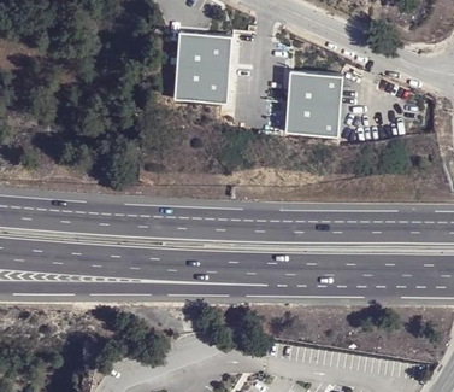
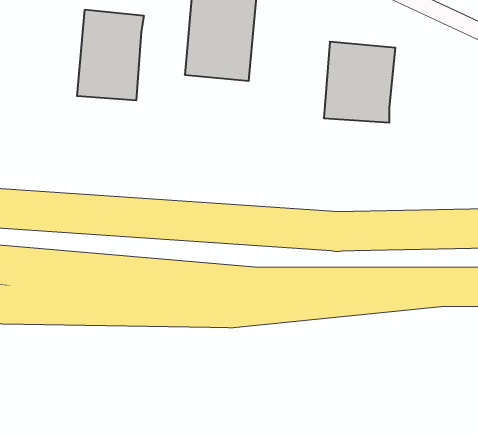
building: none -> [77,10,144,100]

